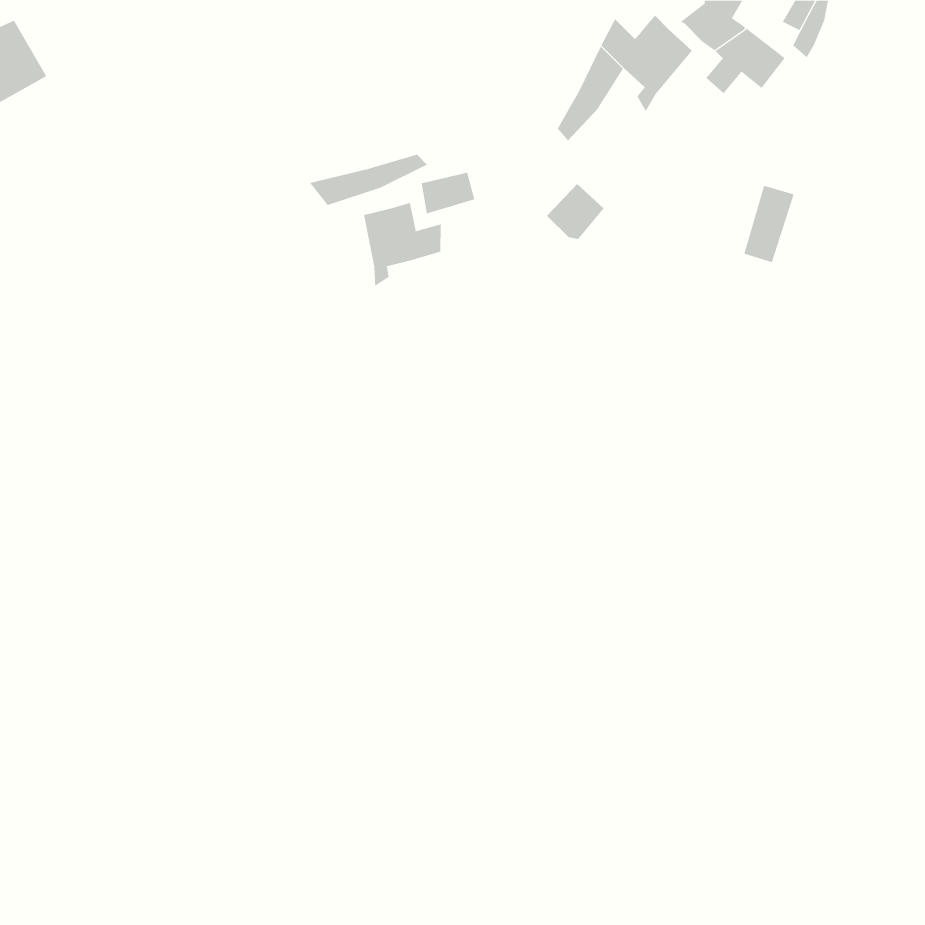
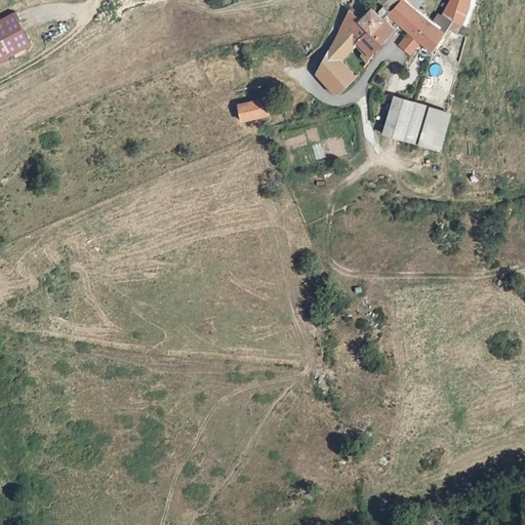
building: [309,154,428,206] -> none
building: none -> [386,96,432,145]
building: [546,183,604,239] -> [321,63,354,94]
building: [364,202,441,287] -> none

